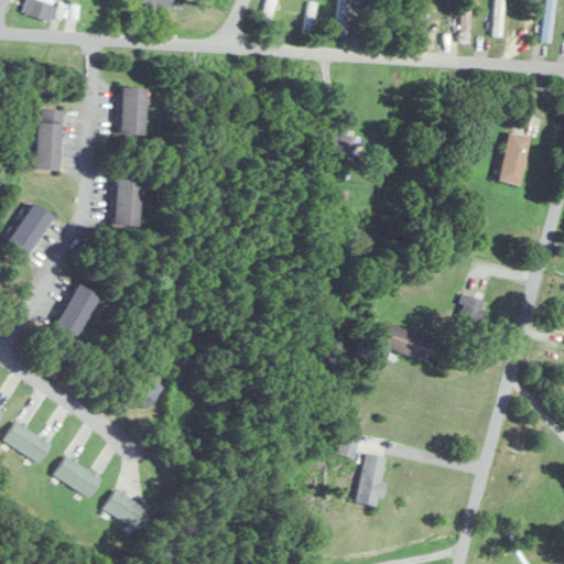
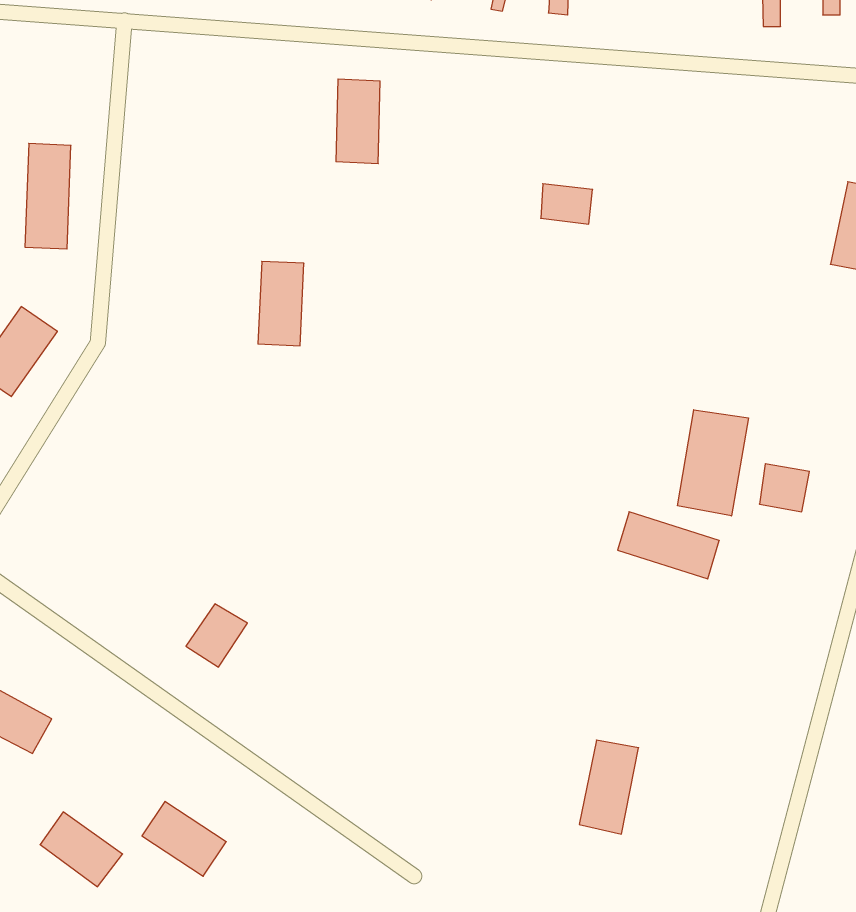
building: [120,86,145,134] -> [336,79,380,164]
building: [112,177,139,226] -> [258,261,304,346]
building: none -> [678,410,748,516]
building: [56,283,99,336] -> none
building: [55,454,102,497] -> [40,812,123,887]

